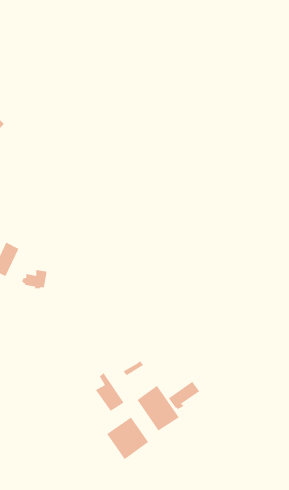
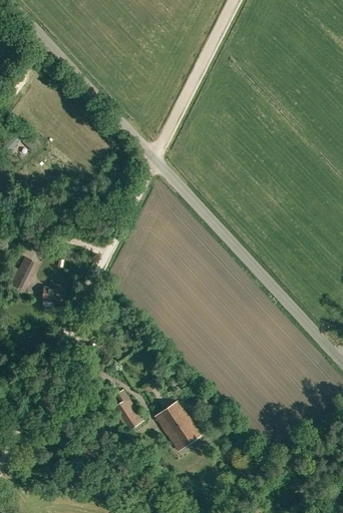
building: [168,381,200,410] -> none
building: [106,417,149,460] -> none

